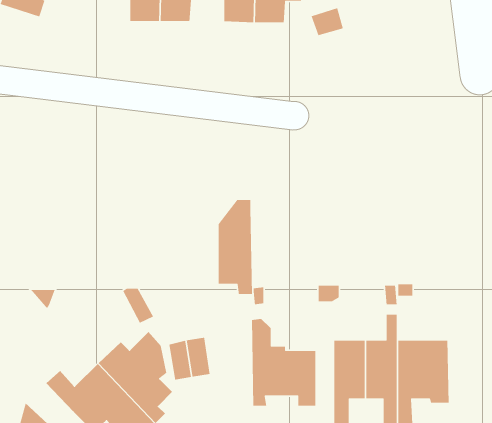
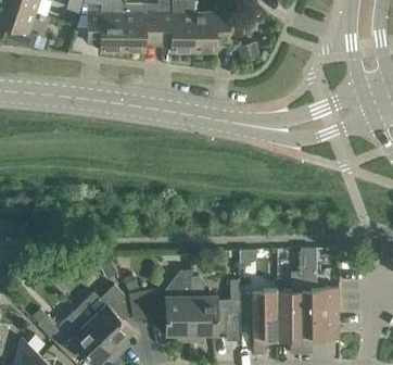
building: [218,199,253,295] -> [166,269,192,341]

